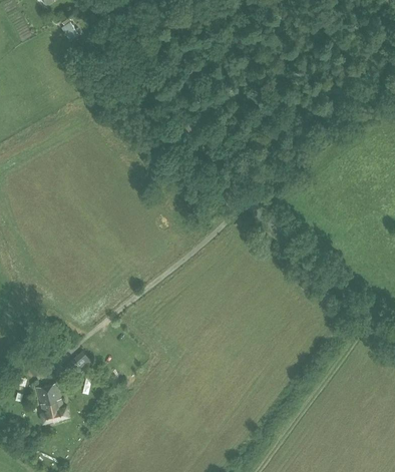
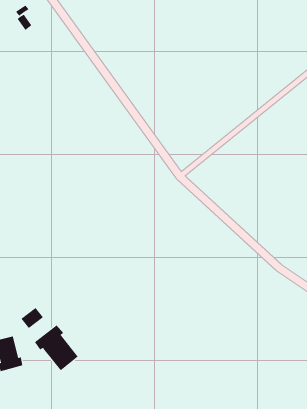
building: none -> [34,325,79,371]

